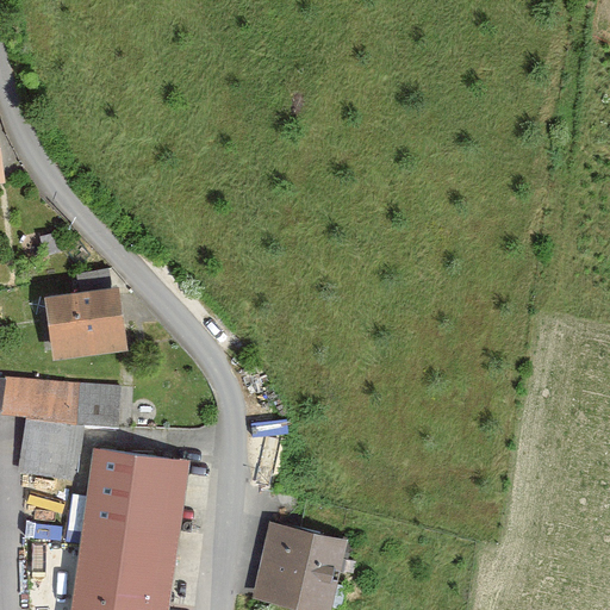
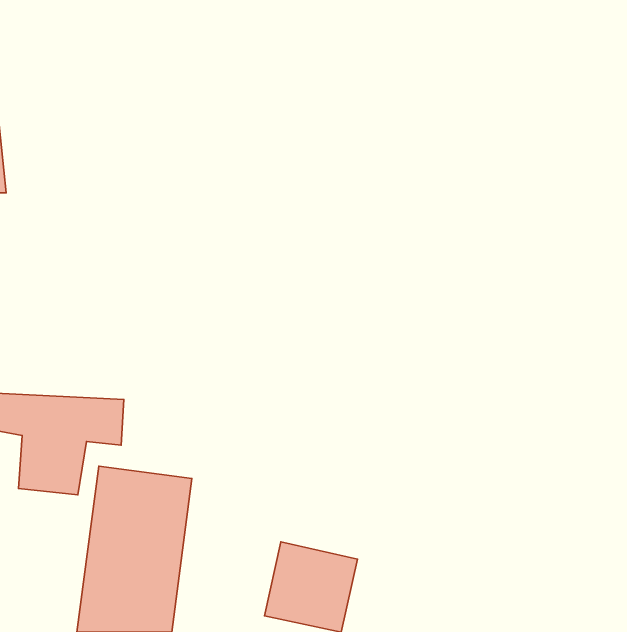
building: [43,291,130,354] -> none

